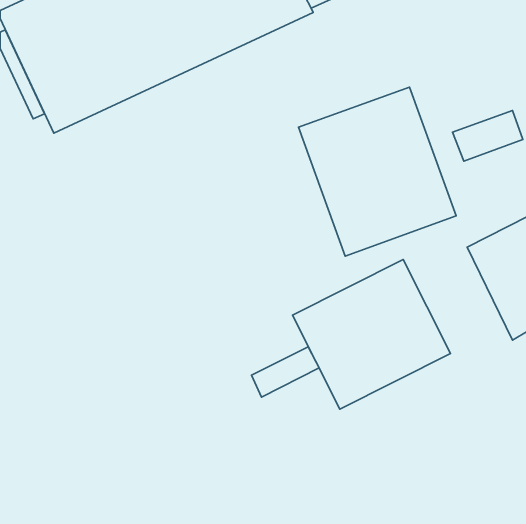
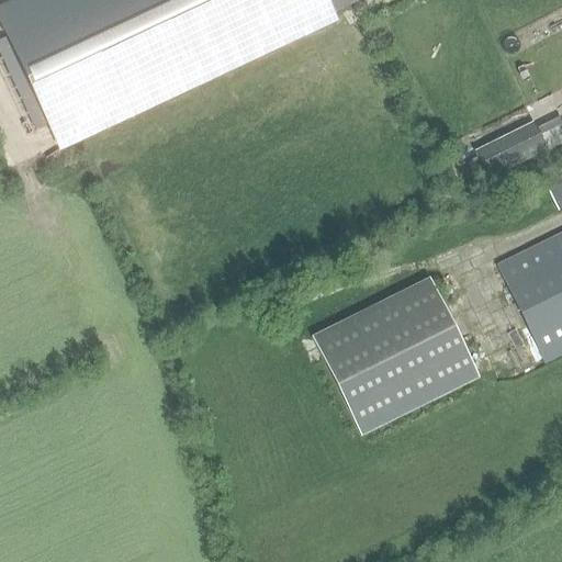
building: [298,87,456,256] -> none
building: [251,347,319,397] -> none

